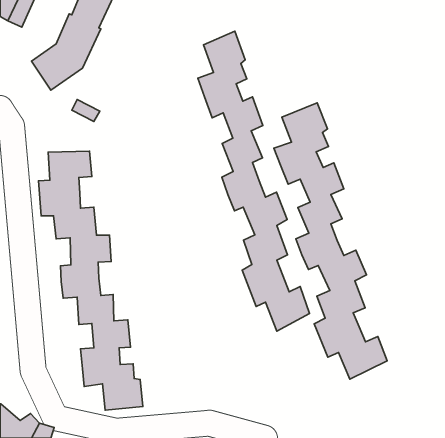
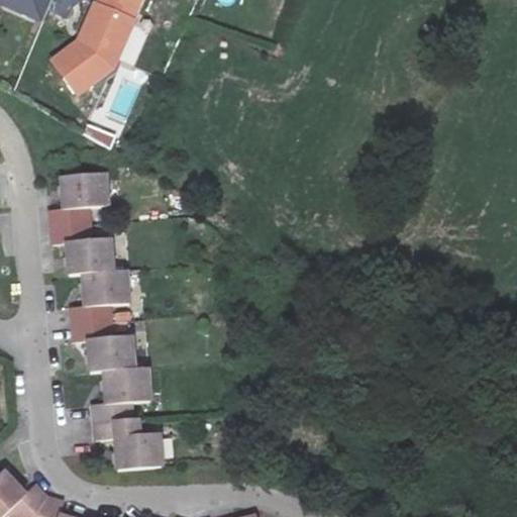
building: [198,31,310,331] -> none
building: [274,103,387,379] -> none

